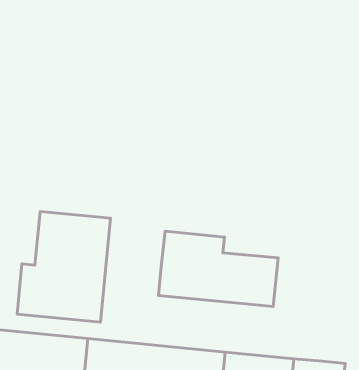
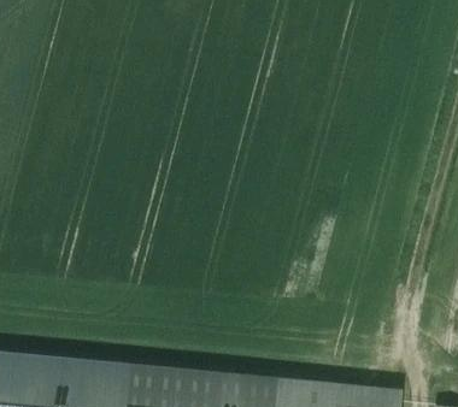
building: [17,211,111,322] -> none
building: [158,231,278,307] -> none

